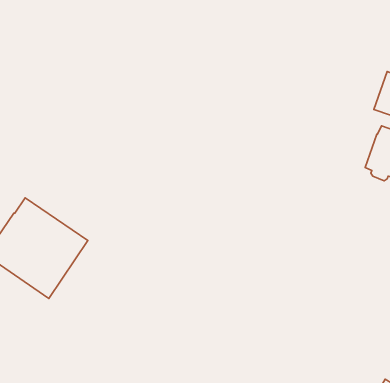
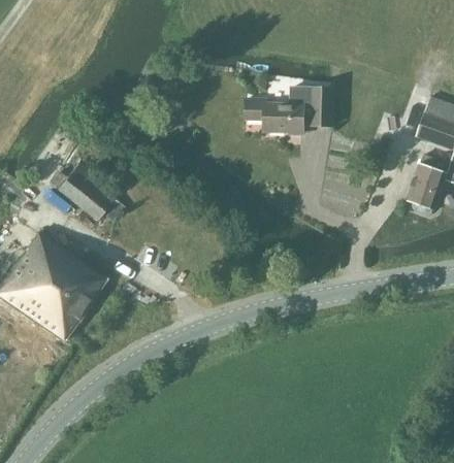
building: none -> [246,86,332,133]
building: none -> [58,164,124,221]

